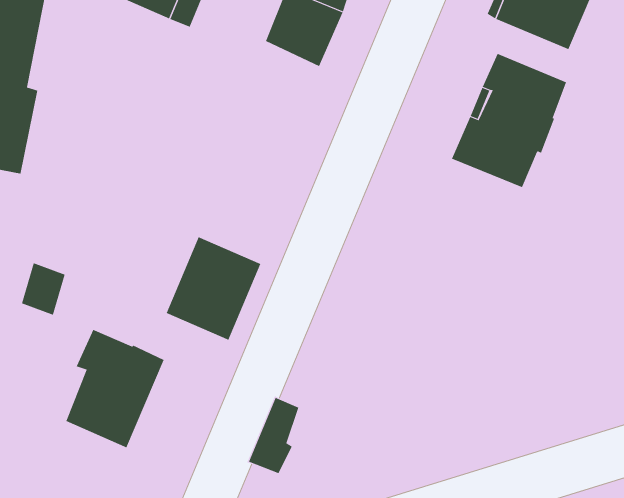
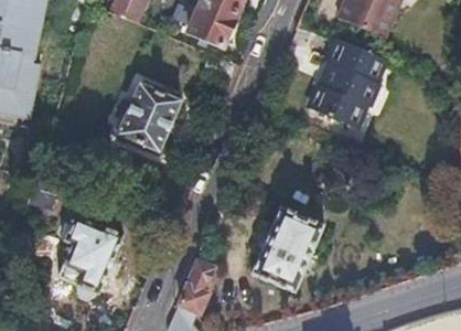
building: [166,237,261,341] -> [119,85,181,152]
building: none -> [250,207,321,292]

